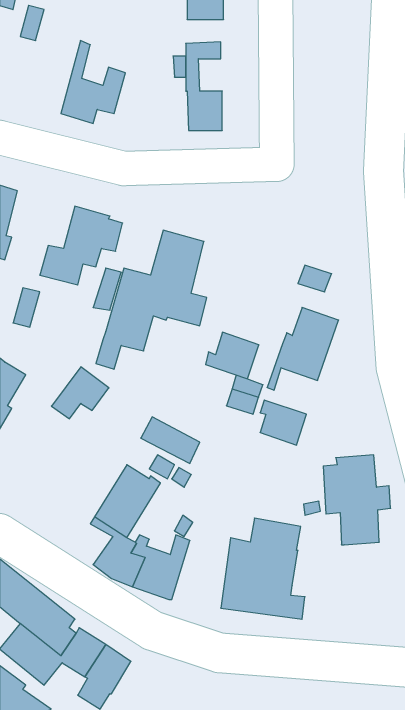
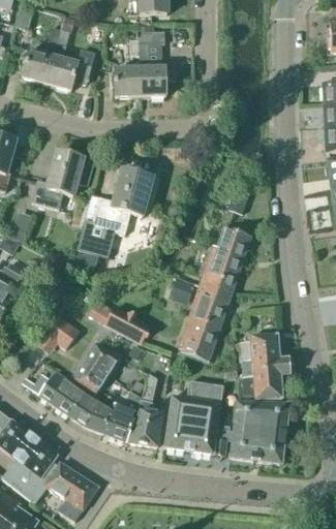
building: none -> [22,28,61,84]
building: none -> [114,67,141,97]
building: [206,332,259,379] -> [196,271,236,305]
building: [51,367,109,419] -> [36,316,79,354]
building: none -> [179,318,220,363]
building: none -> [32,371,85,415]
building: none -> [128,373,162,446]
building: none -> [216,377,288,463]

